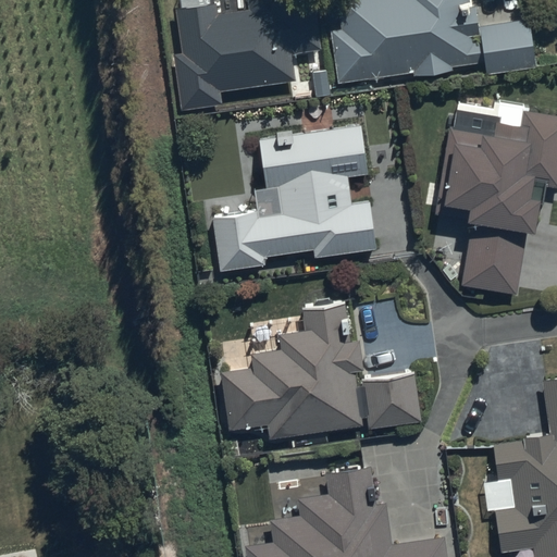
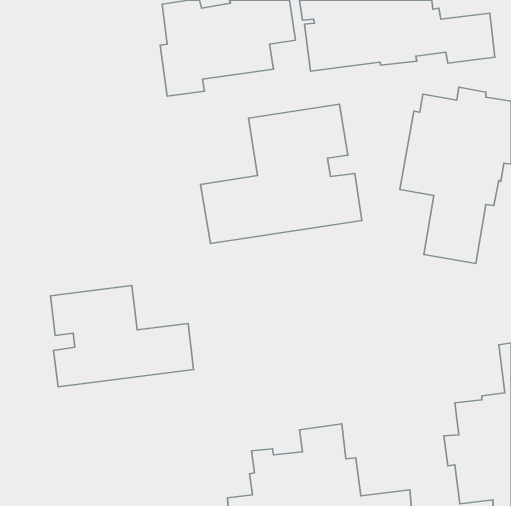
building: [221,301,421,441] -> none
building: none -> [50,285,193,387]

